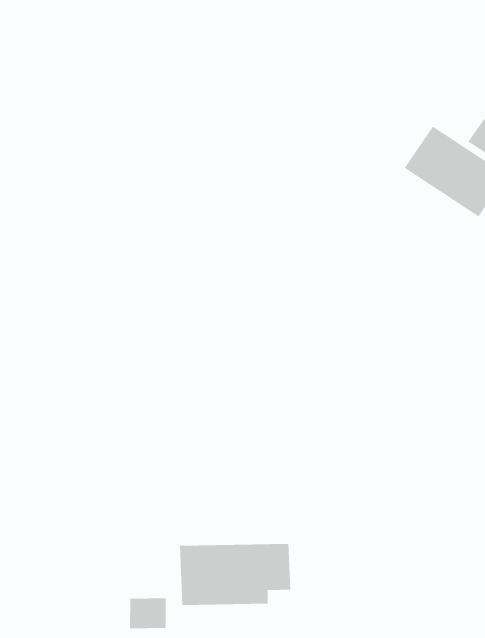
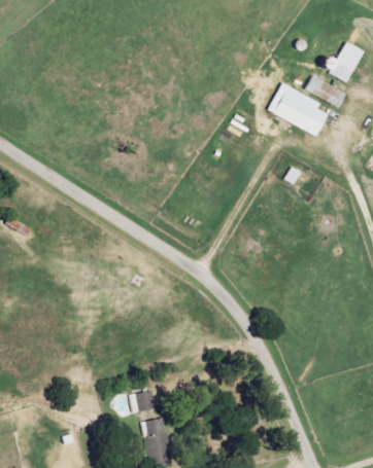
building: [180,543,291,606] -> none

